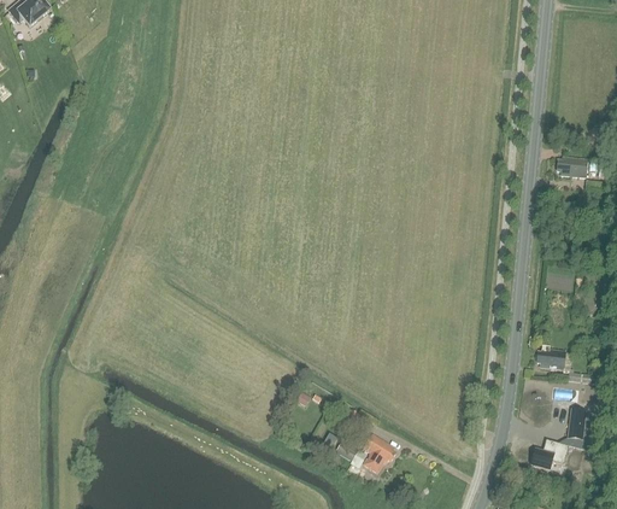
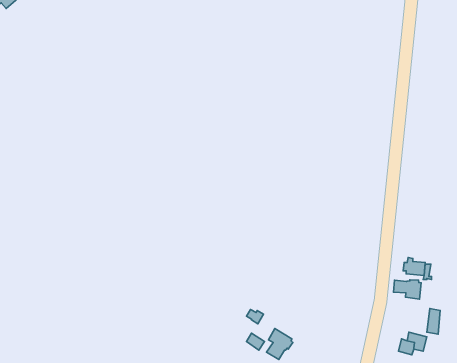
building: [556,157,587,177] -> none
building: none -> [393,280,421,299]

